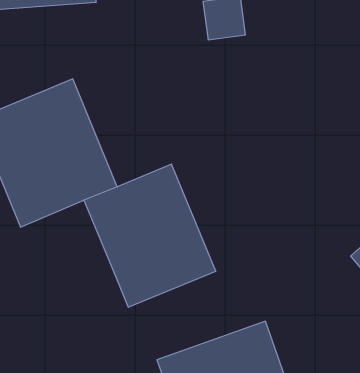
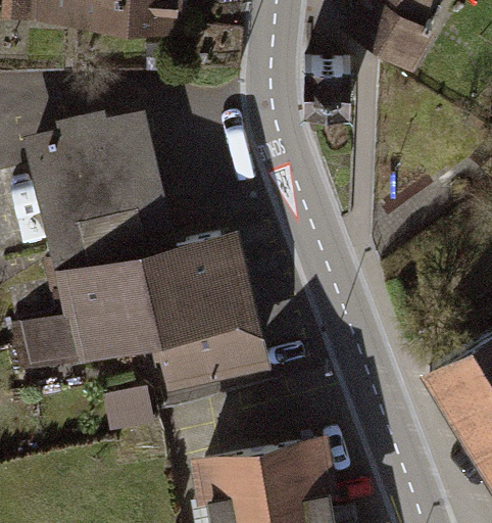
building: none -> [56,260,155,368]

